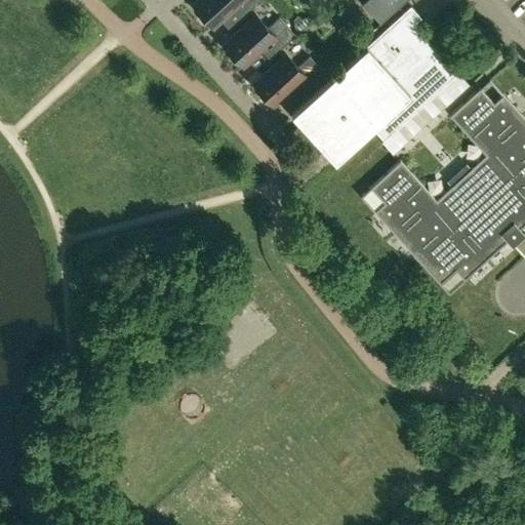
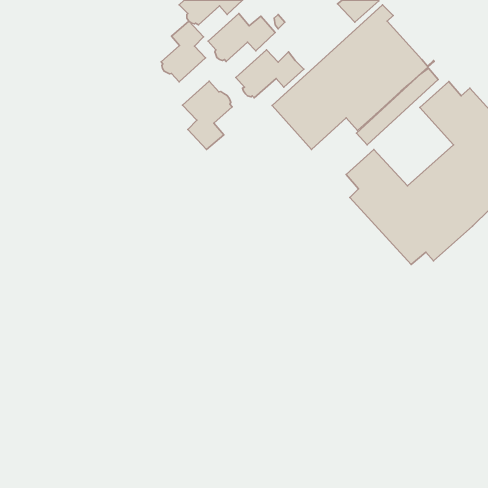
building: none -> [161,21,206,82]
building: none -> [183,81,232,150]

